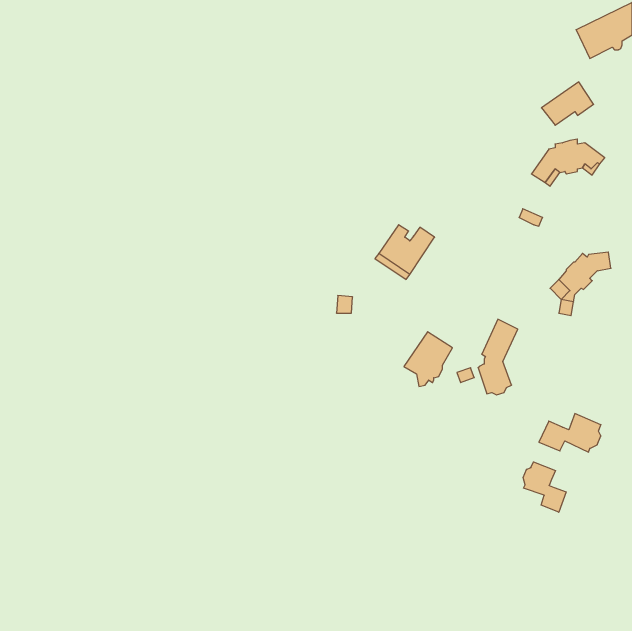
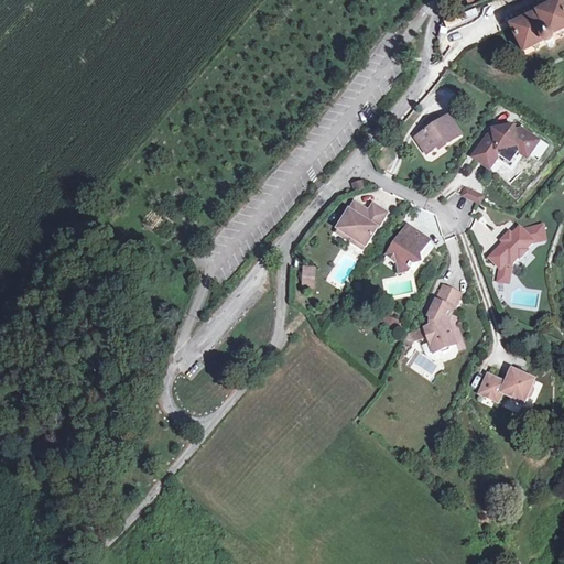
building: [541,82,594,125] -> [413,112,459,151]
building: [404,332,452,386] -> [384,223,427,271]
building: [523,462,566,512] -> none

